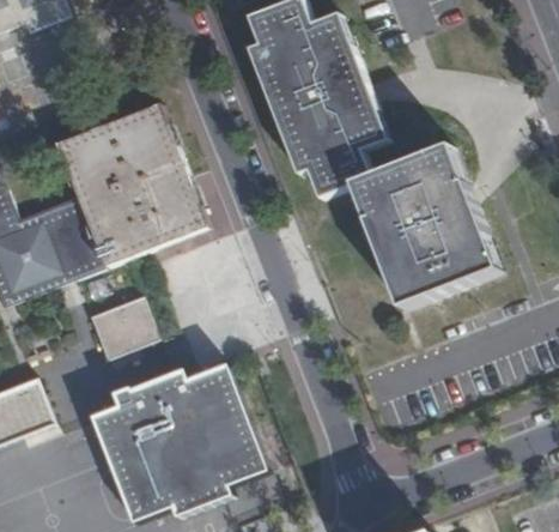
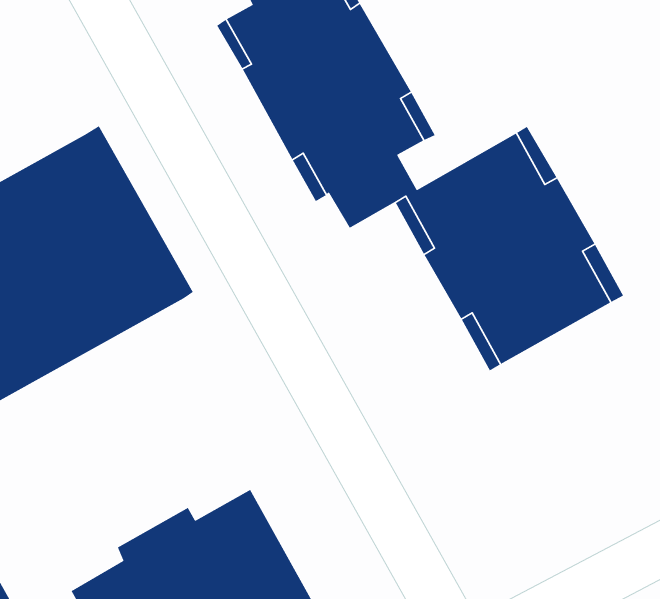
building: [86,294,156,358] -> none

